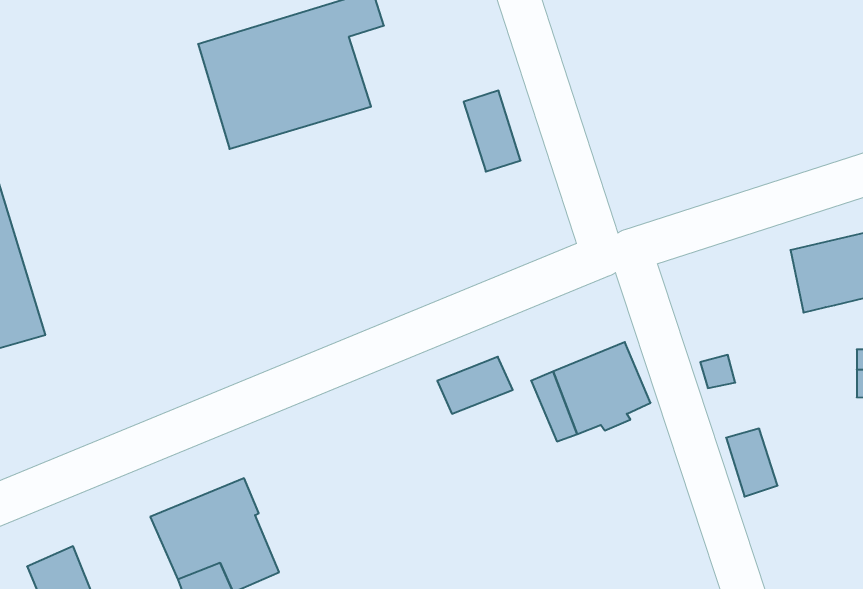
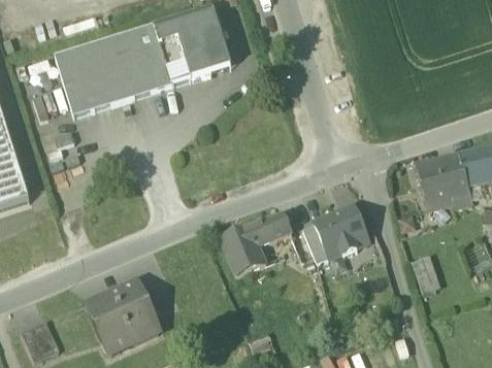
building: none -> [55,37,132,114]
building: [464,91,521,172] -> [199,27,231,72]
building: none -> [415,153,470,207]
building: none -> [221,226,263,273]

